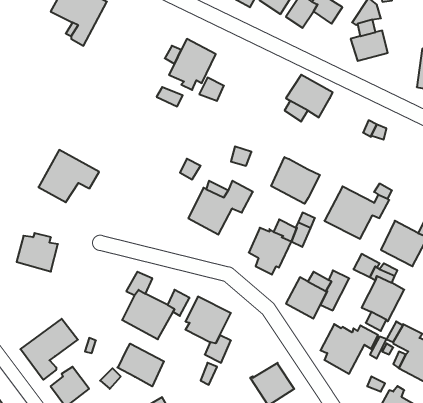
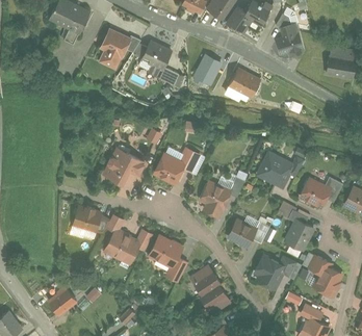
building: none -> [98,26,131,69]
building: none -> [190,54,222,85]
building: [38,150,99,202] -> [101,146,147,185]
building: [271,157,320,204] -> none
building: [17,233,58,272] -> [71,204,102,233]
building: [20,319,78,380] -> none
building: none -> [189,263,221,294]
building: [117,344,164,386] -> none

